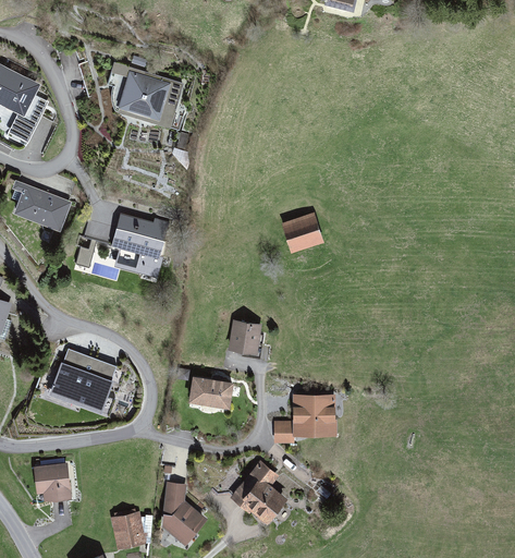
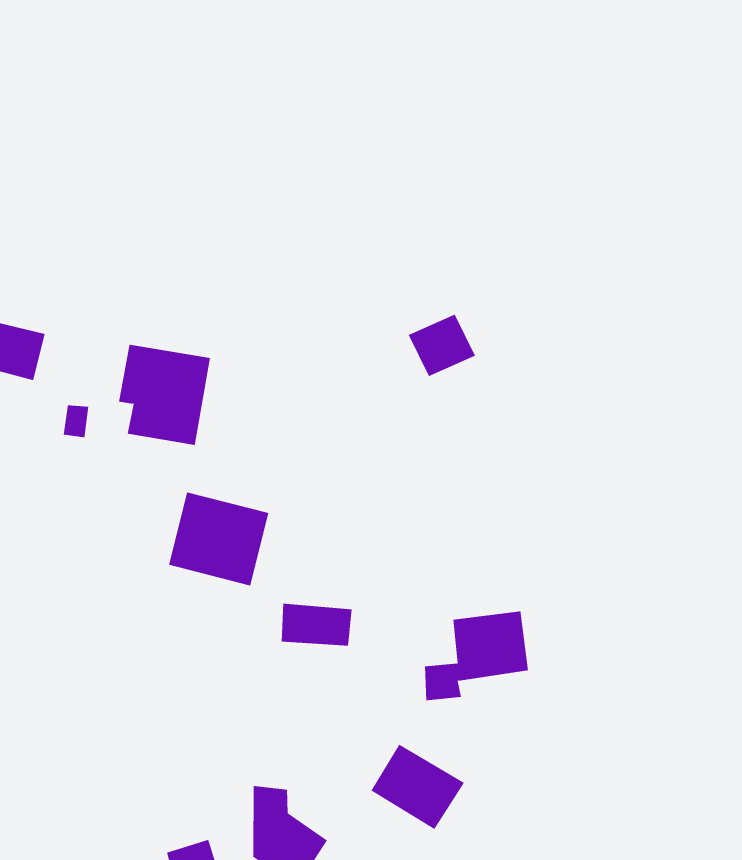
building: [120,69,184,124] -> none
building: [232,318,260,349] -> none
building: [51,348,114,408] -> [168,492,269,586]
building: [30,463,66,500] -> none

